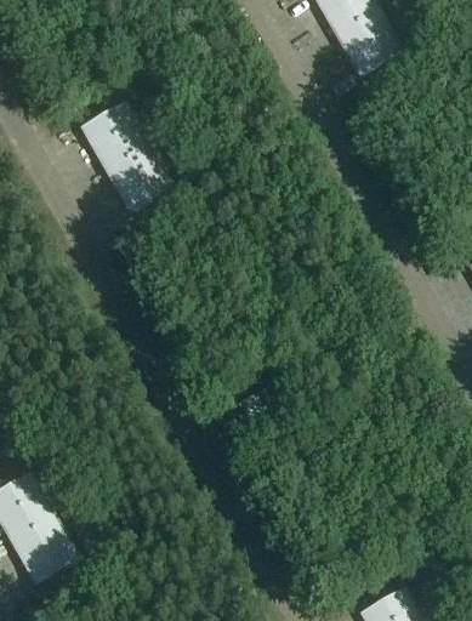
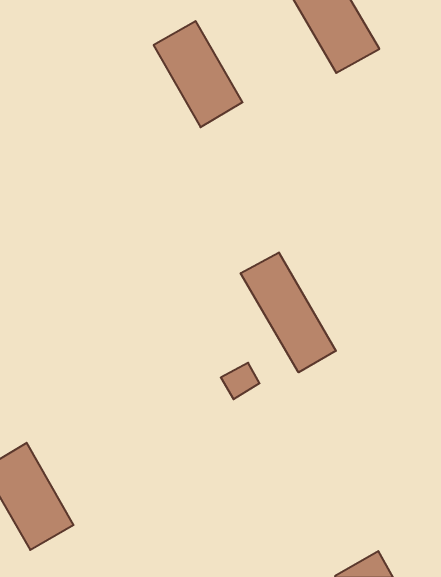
building: [80,101,175,213] -> [154,21,243,127]
building: none -> [241,252,336,372]

